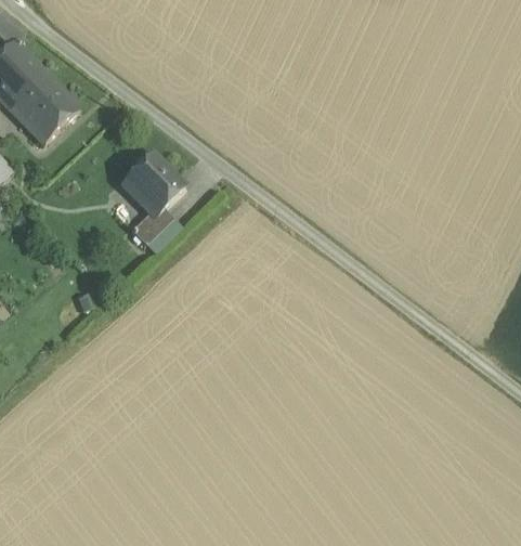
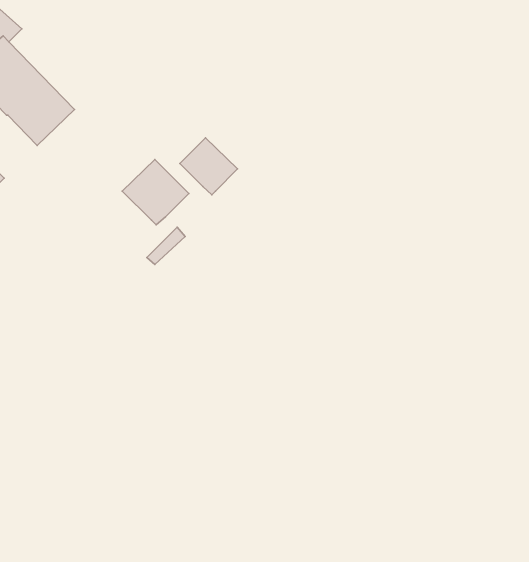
building: none -> [180,138,238,195]
building: [130,207,173,245] -> none

